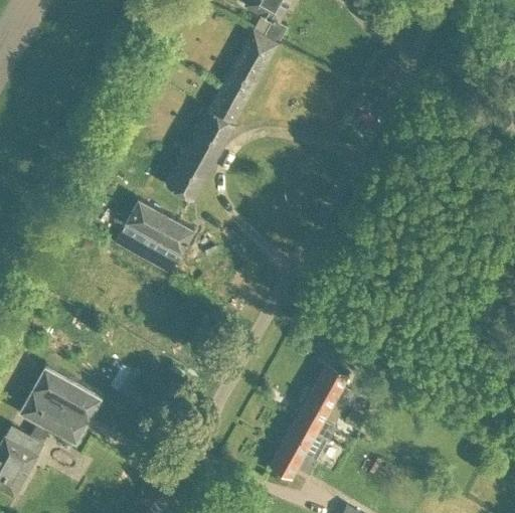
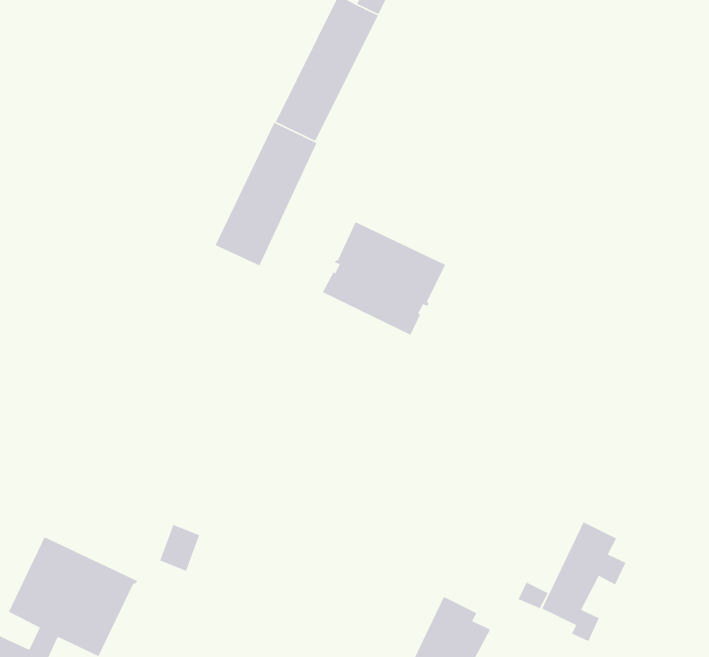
building: [113,199,193,275] -> [322,221,446,336]
building: [296,364,352,442] -> [541,521,627,642]

